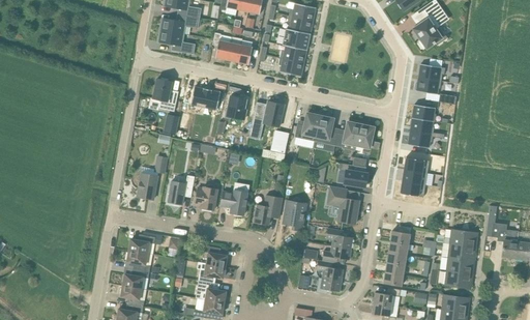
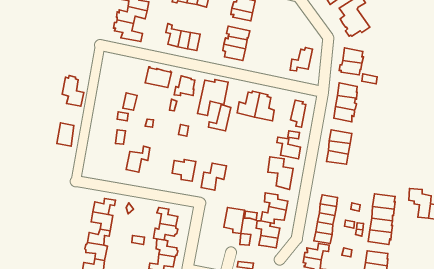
building: [153,76,178,111] -> [62,75,84,106]
building: [335,119,361,146] -> [290,47,313,71]
building: [138,172,157,199] -> [57,123,74,146]
building: [195,186,217,209] -> none
building: [283,200,306,230] -> [224,207,244,234]

